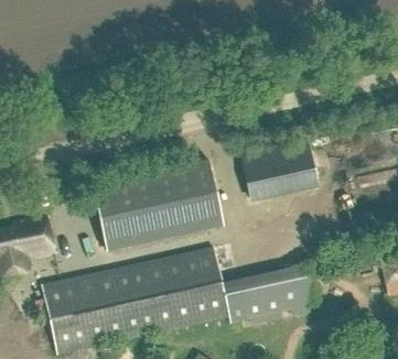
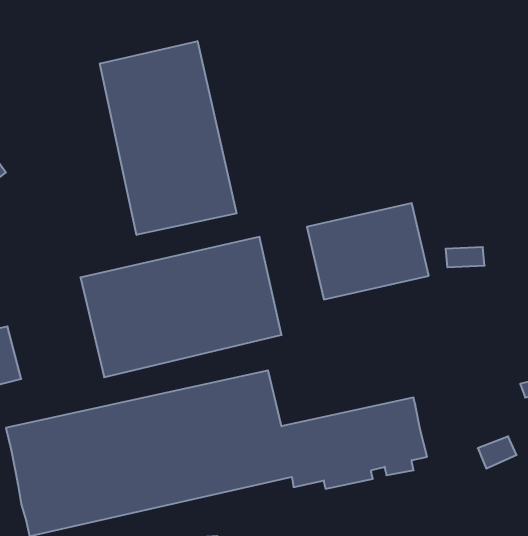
building: none -> [100,41,237,235]

